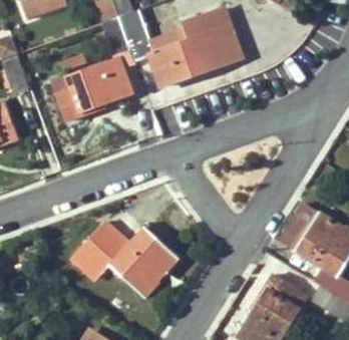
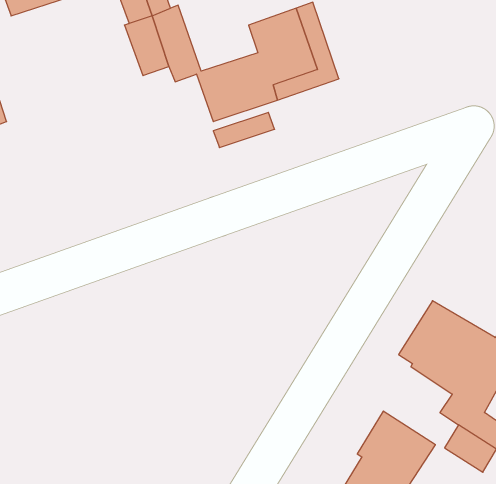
building: [52,59,130,121] -> none
building: [73,221,179,296] -> none

